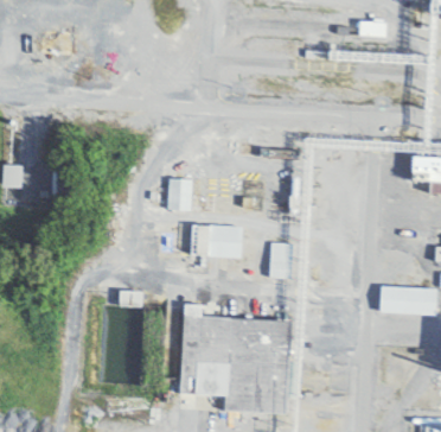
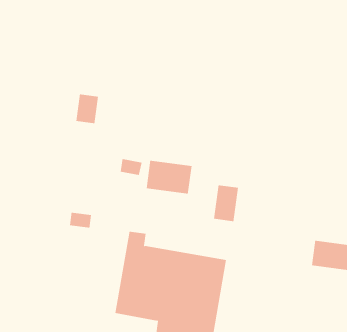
building: [168,178,190,208] -> [75,94,99,124]

